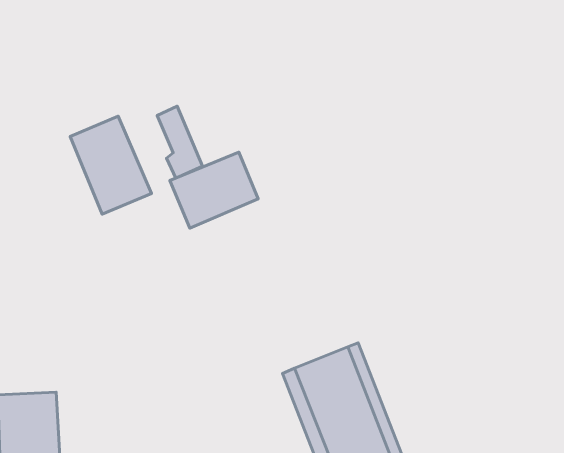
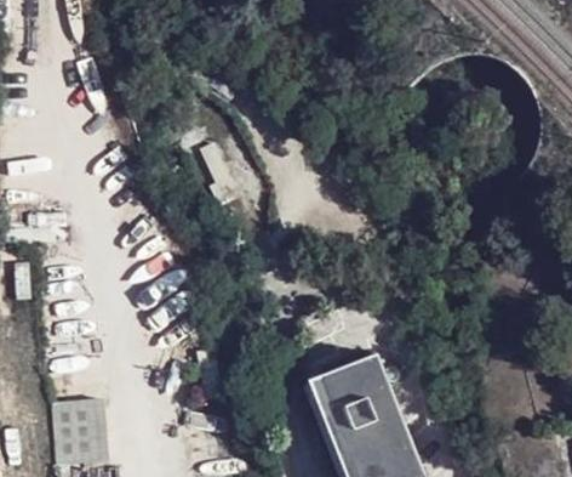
building: [70,116,152,214] -> none
building: [170,152,258,228] -> none

